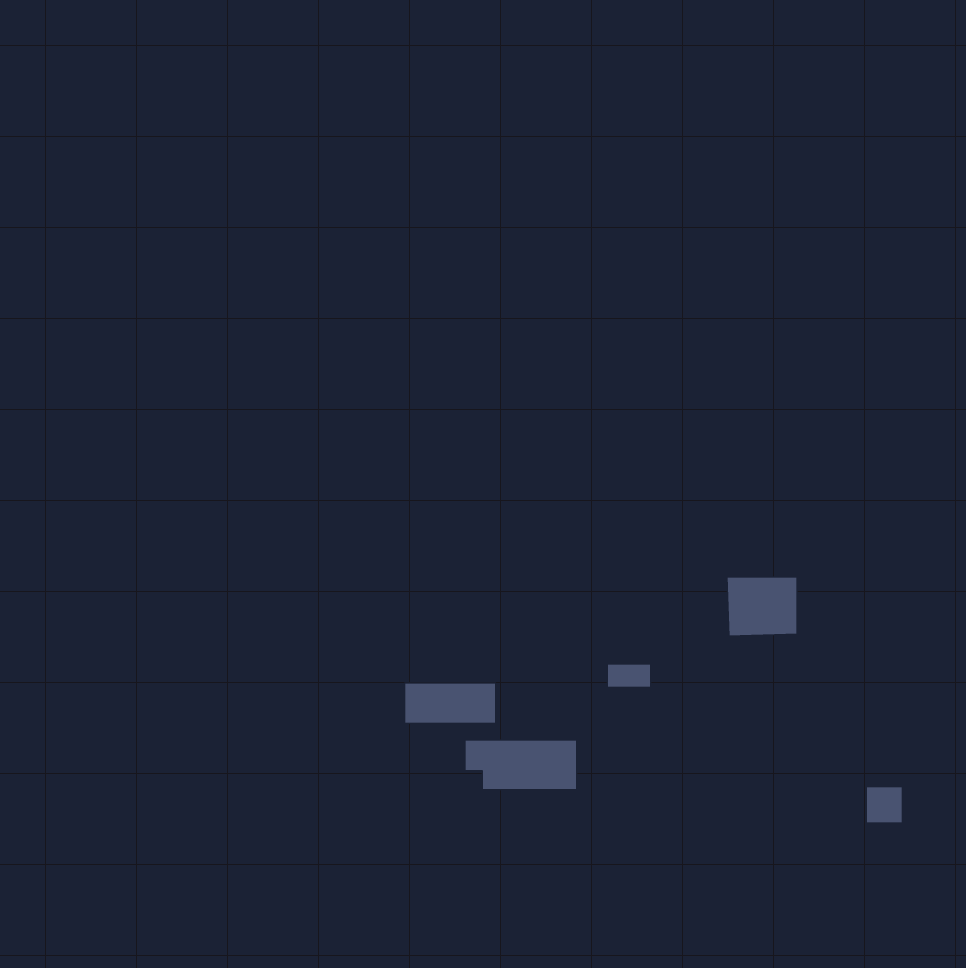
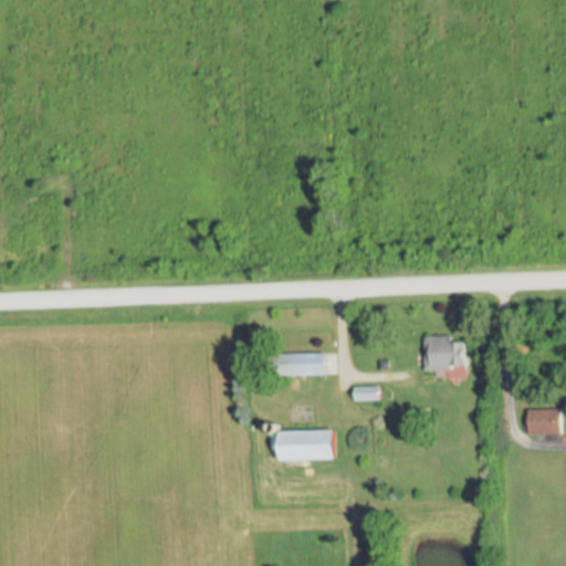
building: [405,683,496,723] -> [279,353,332,376]
building: [866,787,902,823] -> [528,411,549,432]

